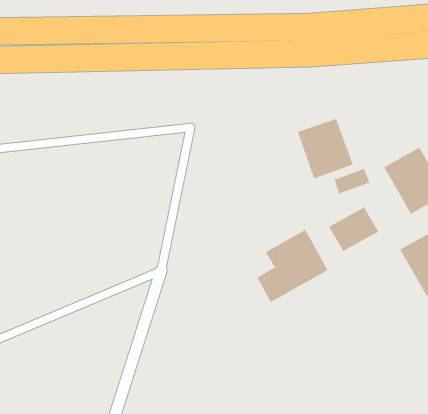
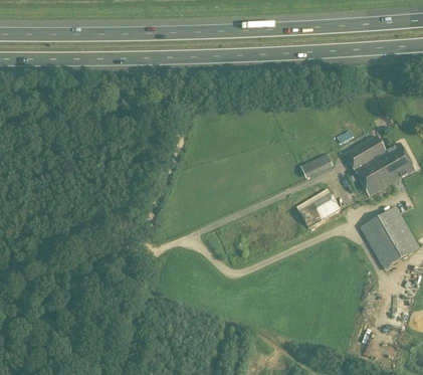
building: [297,118,353,179] -> none
building: [256,229,328,303] -> none

